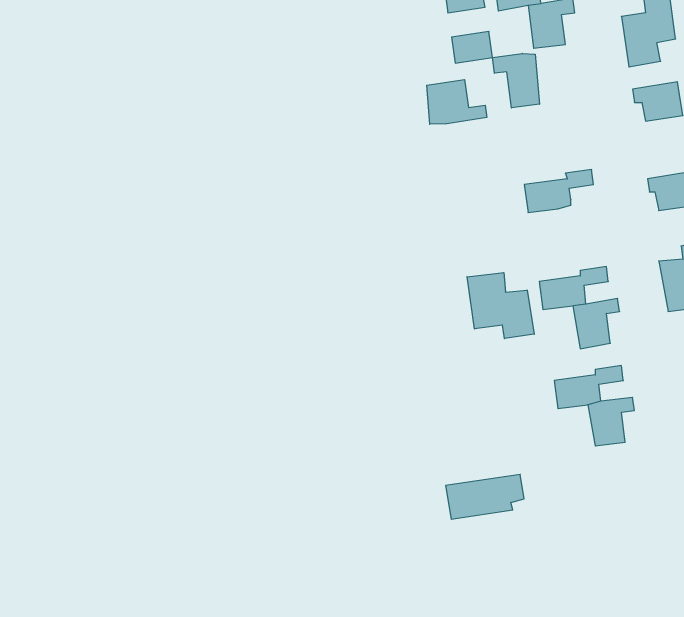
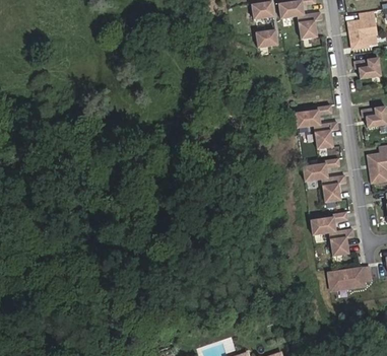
building: [493,53,539,108] -> none
building: [427,80,487,124] -> none
building: none -> [312,123,337,151]
building: [467,273,534,339] -> none
building: [446,474,524,519] -> [328,268,371,292]

